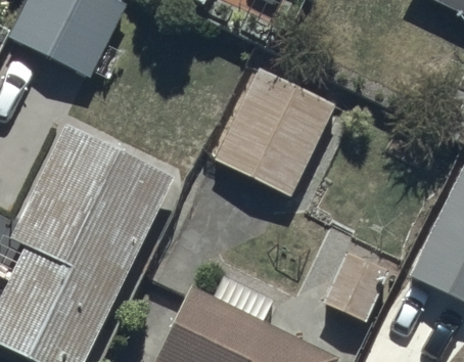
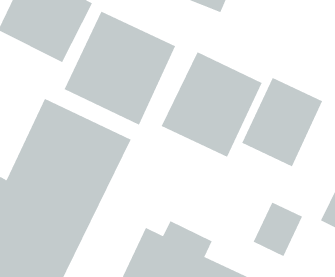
building: none -> [64,11,176,126]
building: none -> [241,77,323,167]

